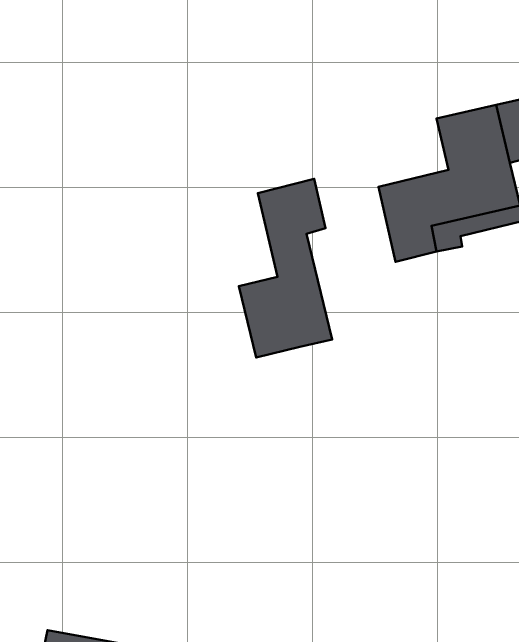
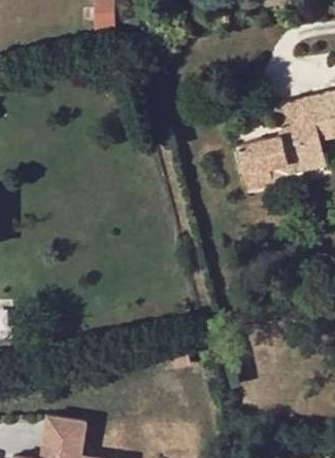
building: [239,179,332,357] -> none

